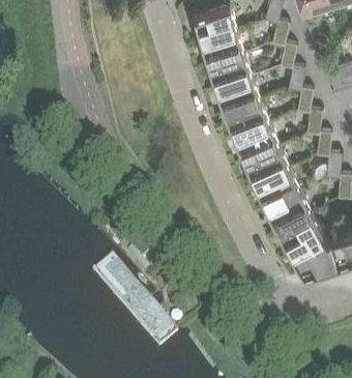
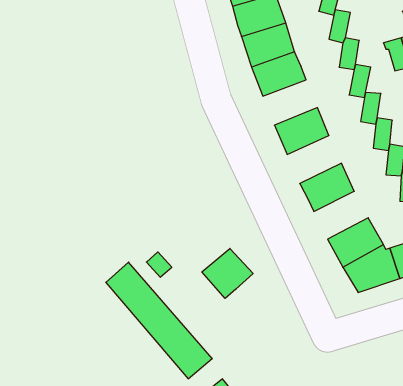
building: [226,99,270,137] -> none
building: [245,145,290,184] -> none
building: [267,191,312,230] -> none
building: none -> [202,248,253,298]

